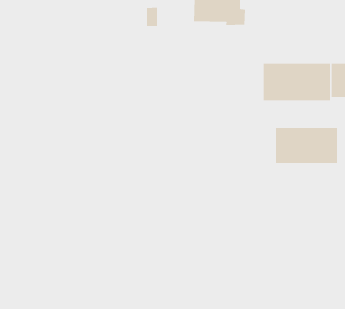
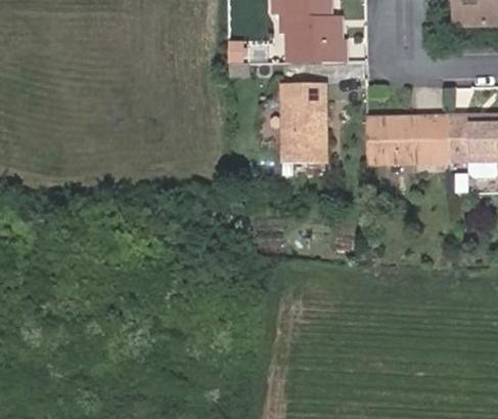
building: none -> [280,85,326,165]
building: [276,127,337,164] -> none

